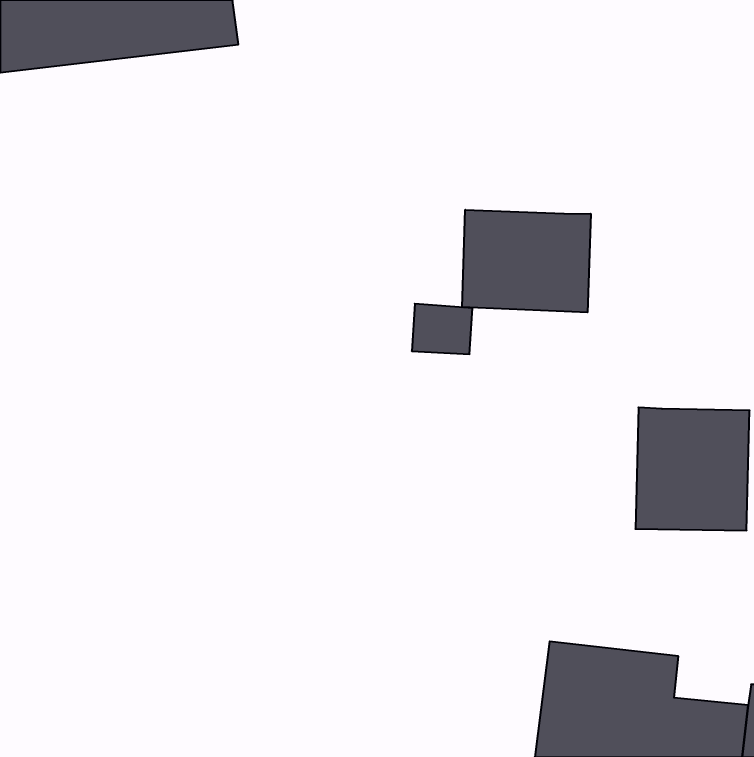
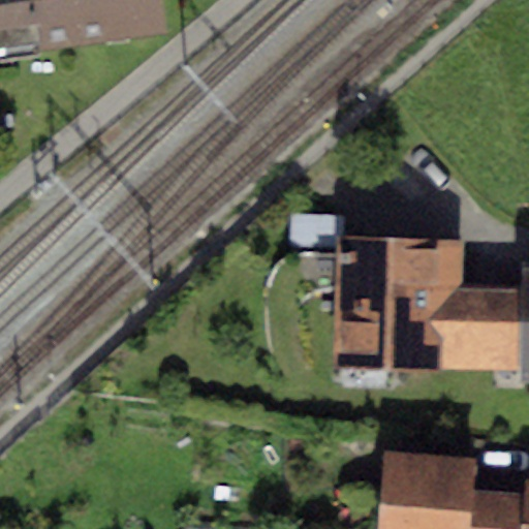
building: [462,210,591,312] -> none
building: none -> [338,241,465,369]

